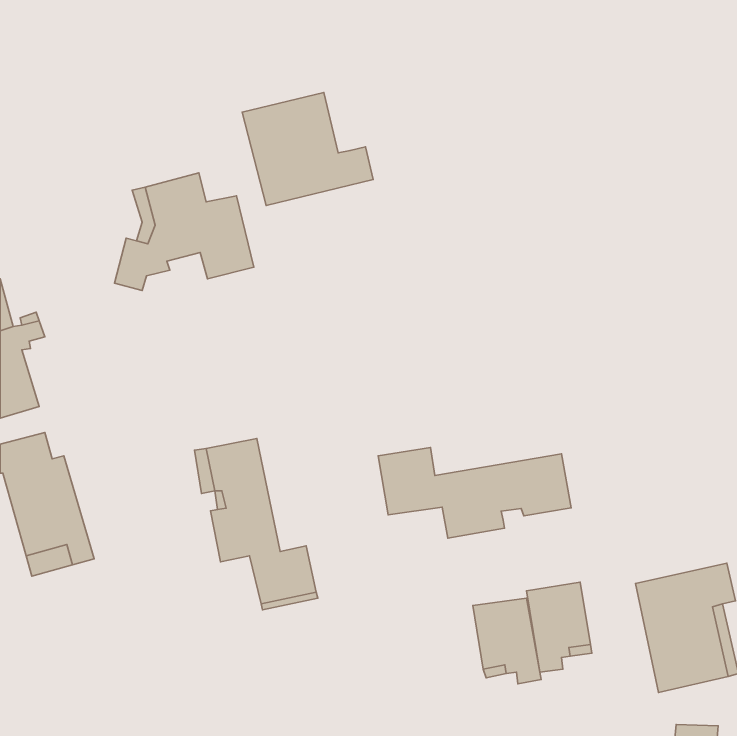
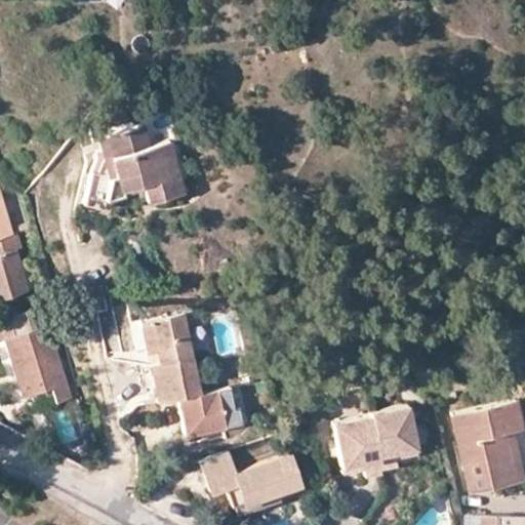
building: [242,93,373,206] -> none
building: [378,448,571,538] -> none
building: none -> [203,452,298,504]

